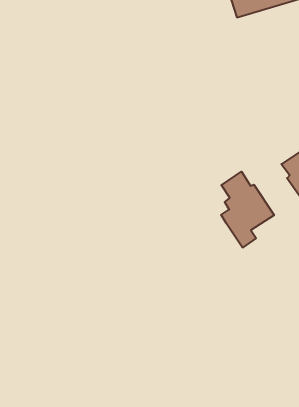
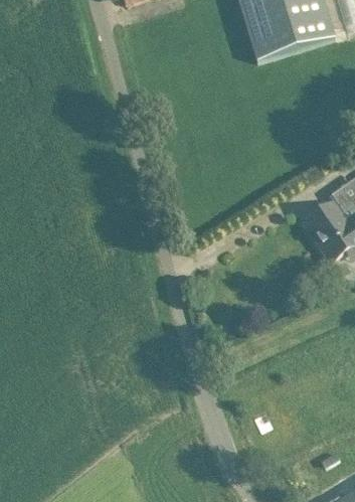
building: [221,172,274,248] -> none

